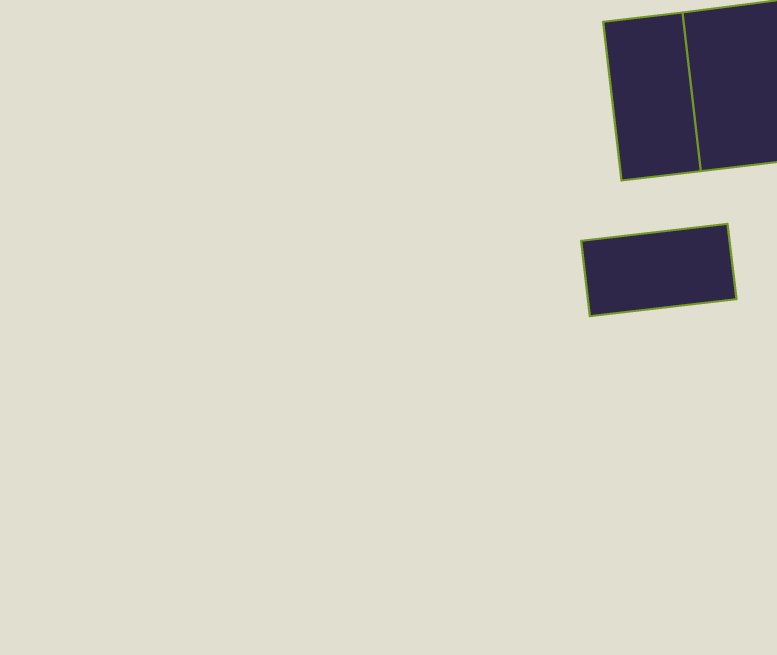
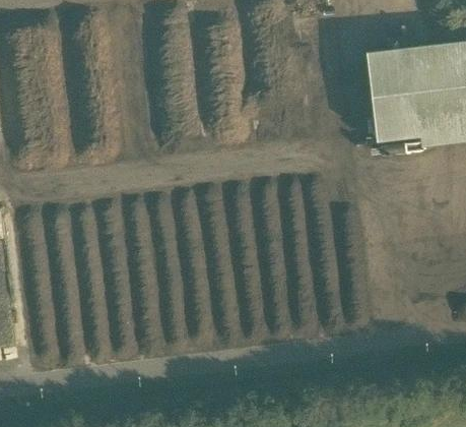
building: [581,224,736,316] -> none

